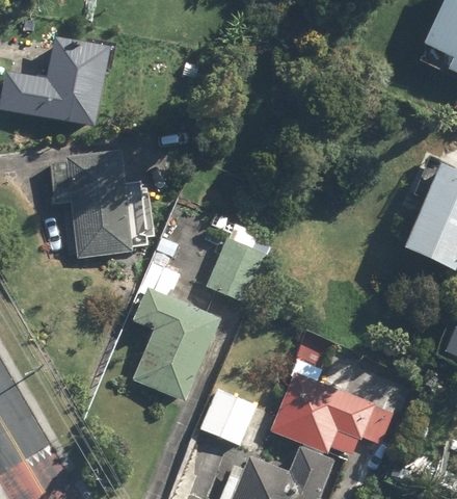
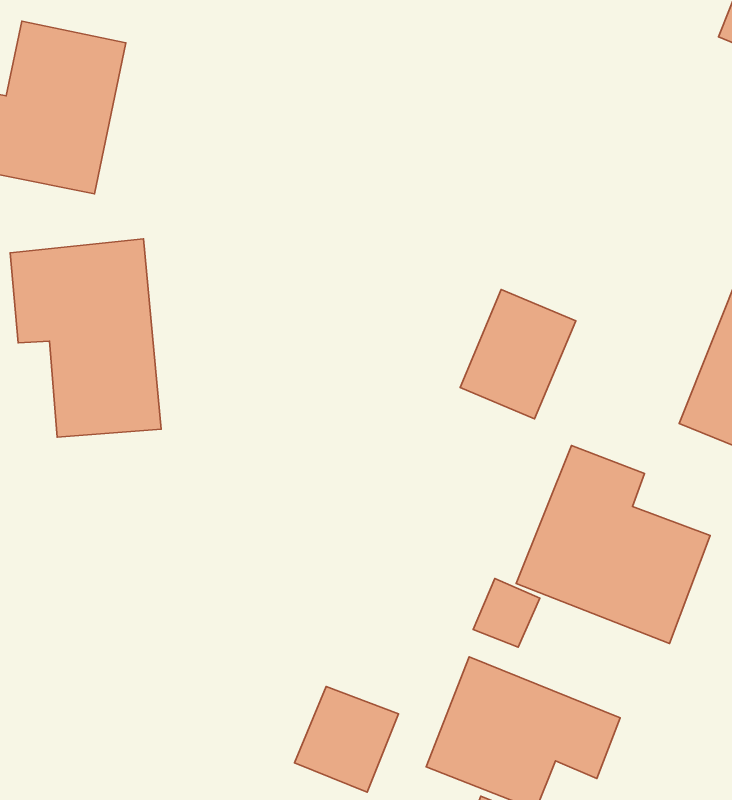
building: [208,238,269,307] -> [460,289,576,419]
building: none -> [516,446,710,644]
building: [132,262,222,400] -> none

